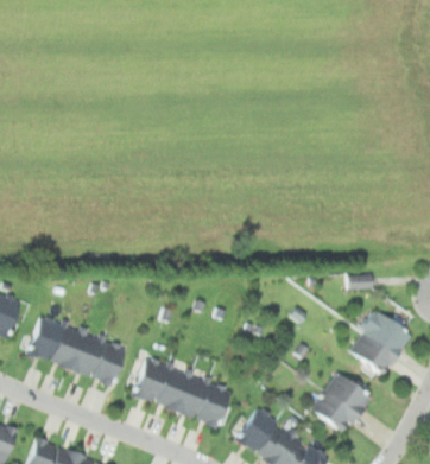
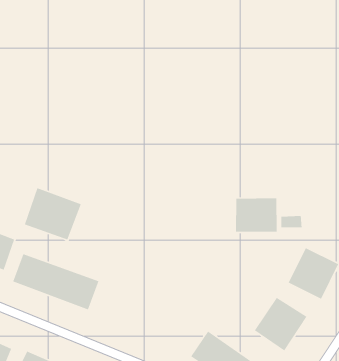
building: none -> [24,187,82,241]
building: none -> [235,198,278,232]
building: [127,358,232,427] -> none

